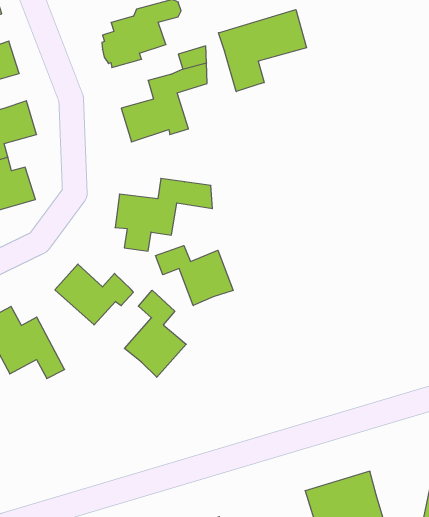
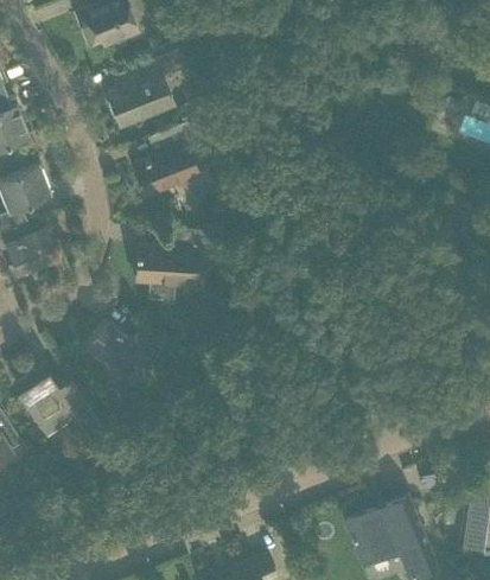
building: [218,10,306,92] -> none
building: [156,246,233,306] -> none
building: [124,290,186,377] -> none

